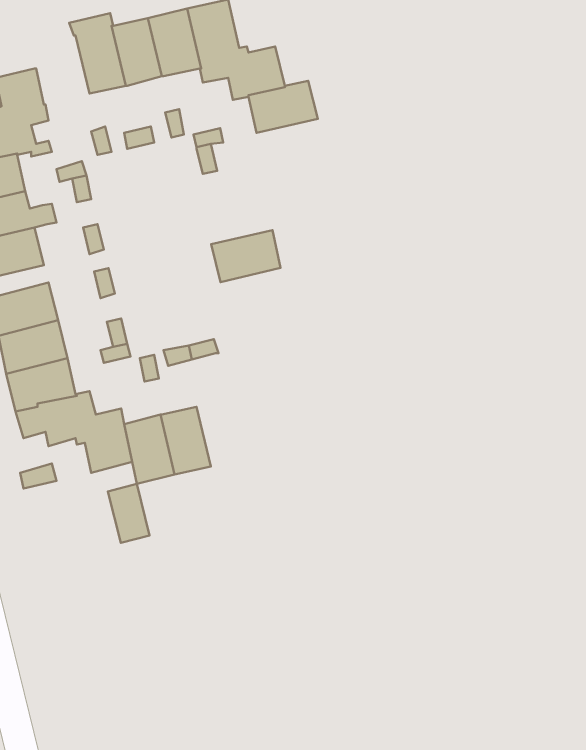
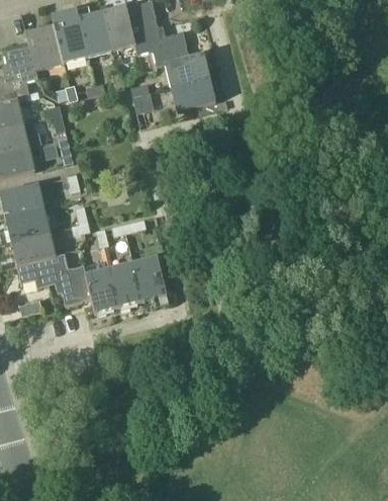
building: none -> [25,23,64,68]
building: [211,230,280,282] -> [171,77,215,110]
building: none -> [132,256,167,301]
building: [108,484,150,543] -> none

